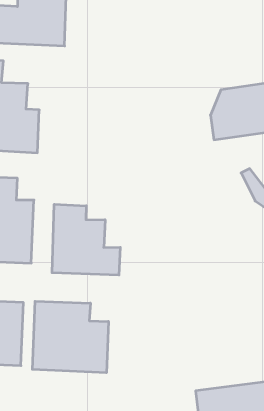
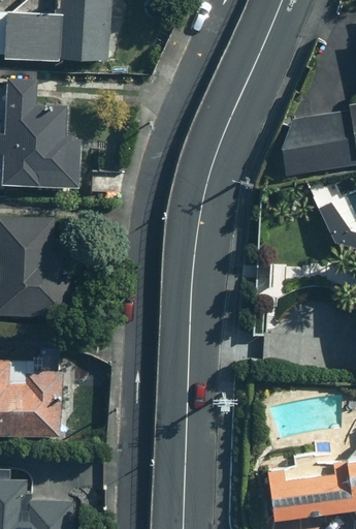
building: [52,204,120,275] -> none
building: [32,301,108,373] -> none

